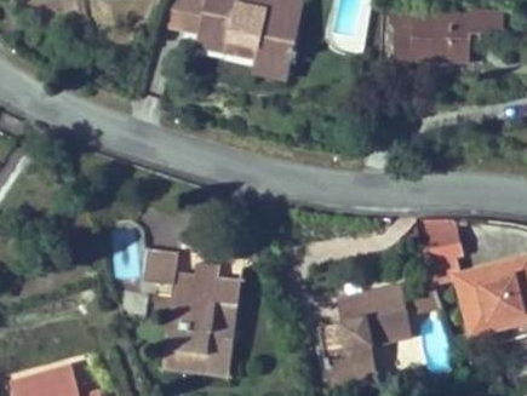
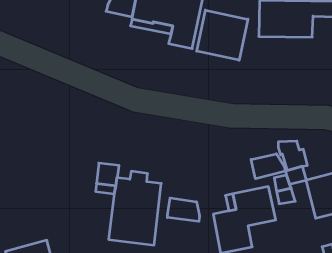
building: none -> [197,10,248,60]
building: none -> [251,154,286,179]
building: none -> [167,198,199,221]

